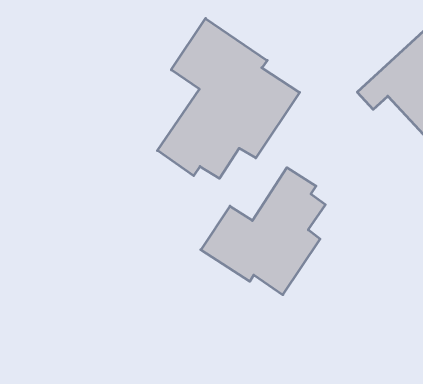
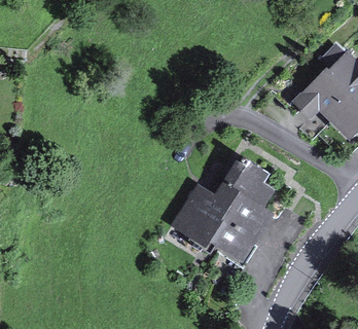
building: [157,18,300,178] -> none

